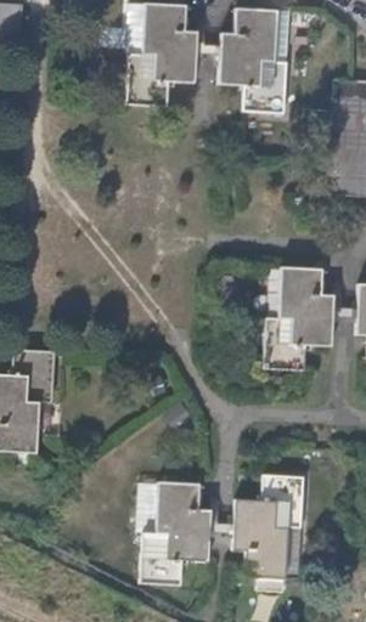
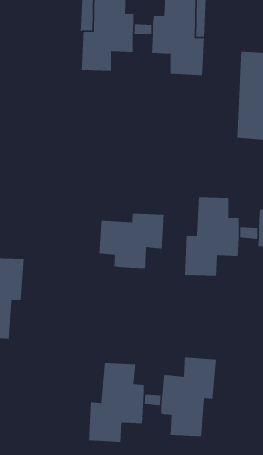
building: none -> [98,213,164,269]

